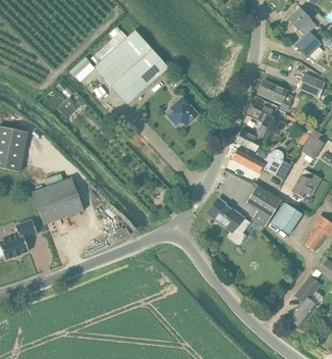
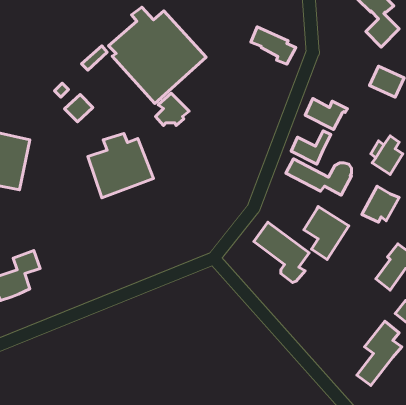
building: [258,80,293,109] -> [251,27,296,64]
building: [169,98,196,123] -> [156,93,189,125]
building: [32,173,84,224] -> [88,133,153,198]
building: [270,202,301,234] -> none

